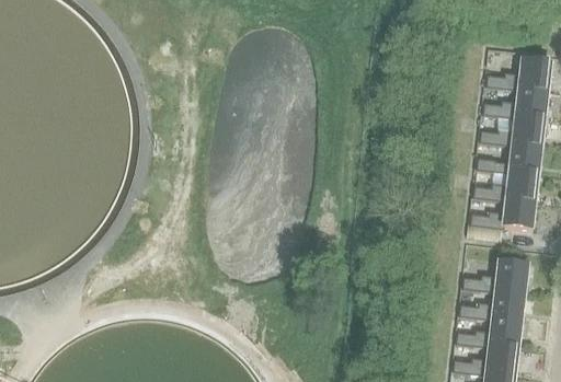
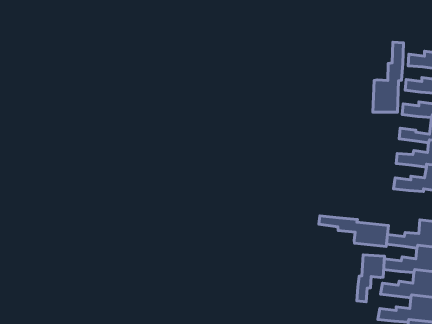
building: none -> [373,42,404,112]
building: none -> [319,216,388,247]
building: none -> [357,255,384,302]

